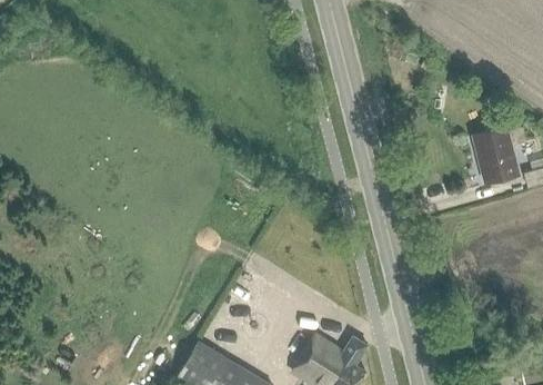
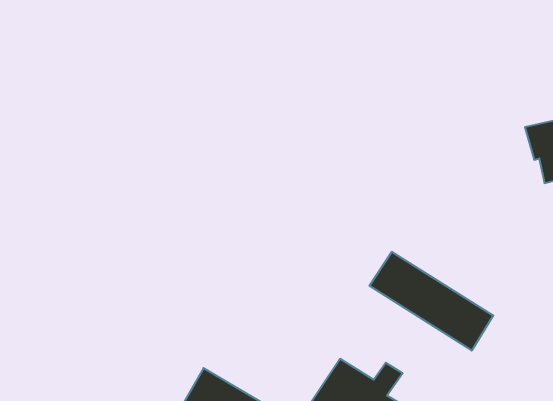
building: none -> [370,252,493,351]

